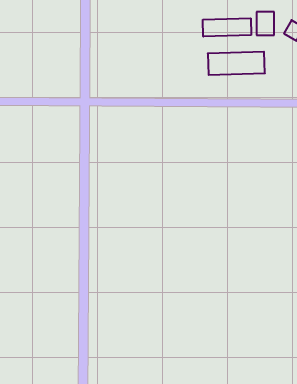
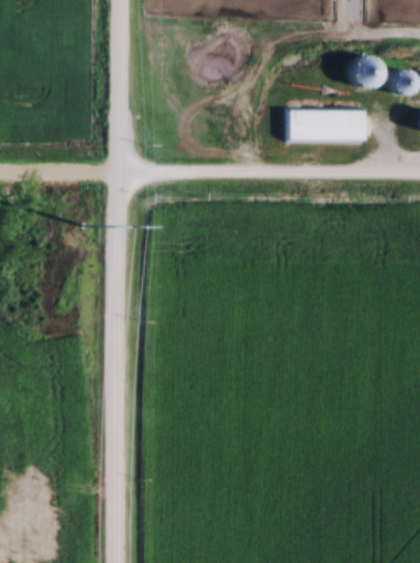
building: [203,18,251,37] -> none

